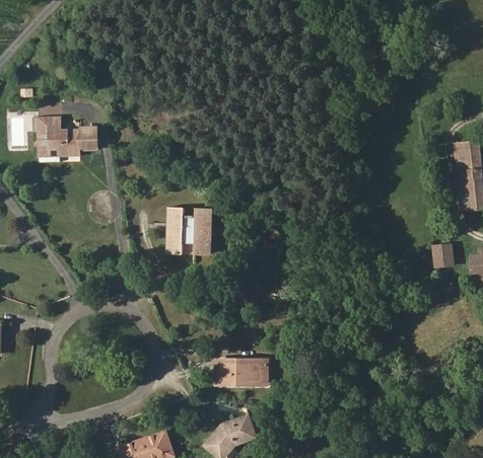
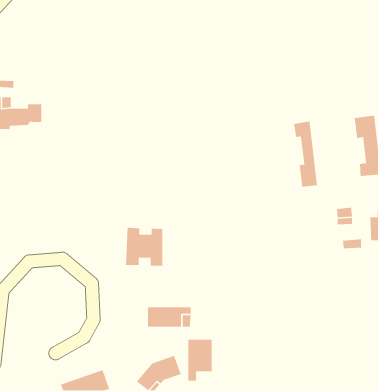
building: none -> [293,121,318,187]
building: [166,208,210,253] -> [125,227,163,267]
building: none -> [187,339,213,381]

